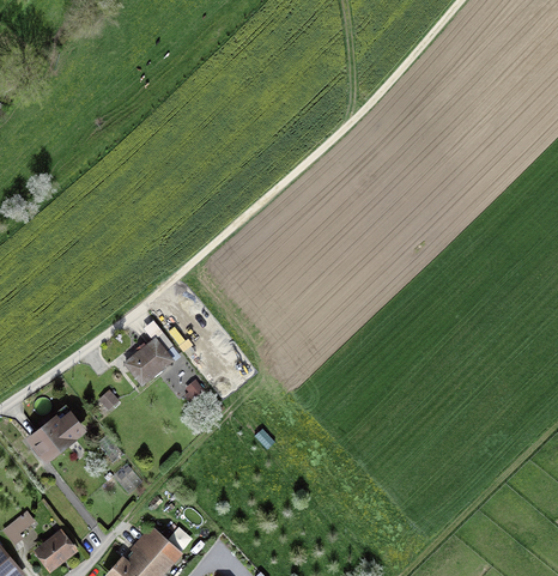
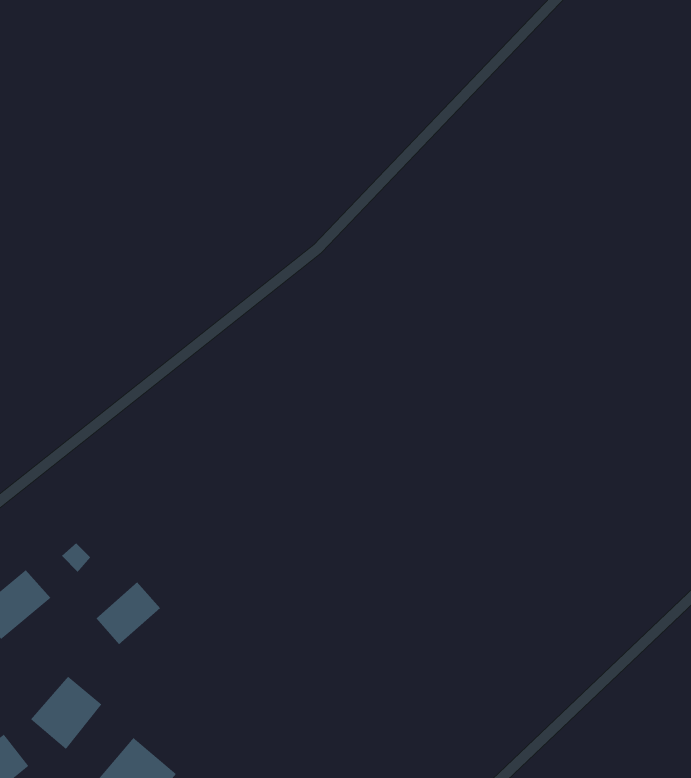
building: [126,339,172,384] -> [95,581,161,645]
building: none -> [30,676,102,750]

